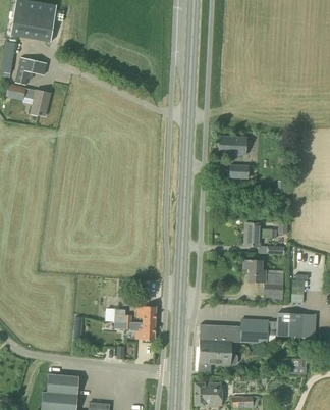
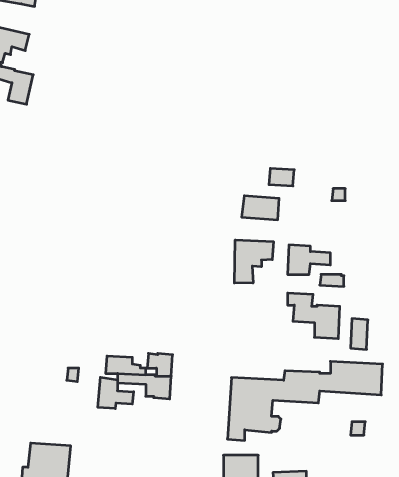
building: [218,137,246,155] -> [242,196,279,220]
building: none -> [234,240,273,283]
building: none -> [98,377,134,409]

